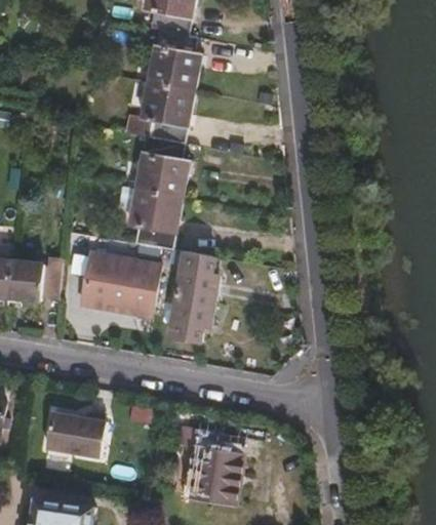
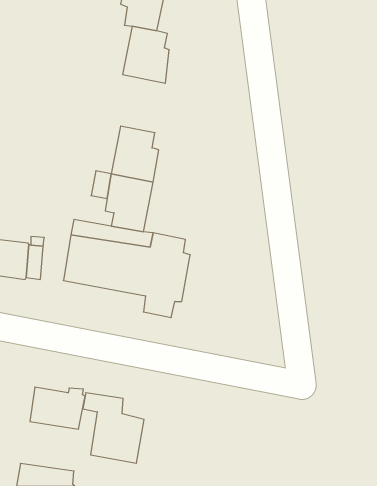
building: [141,81,194,144] -> none
building: [179,430,244,506] -> [83,393,144,463]

